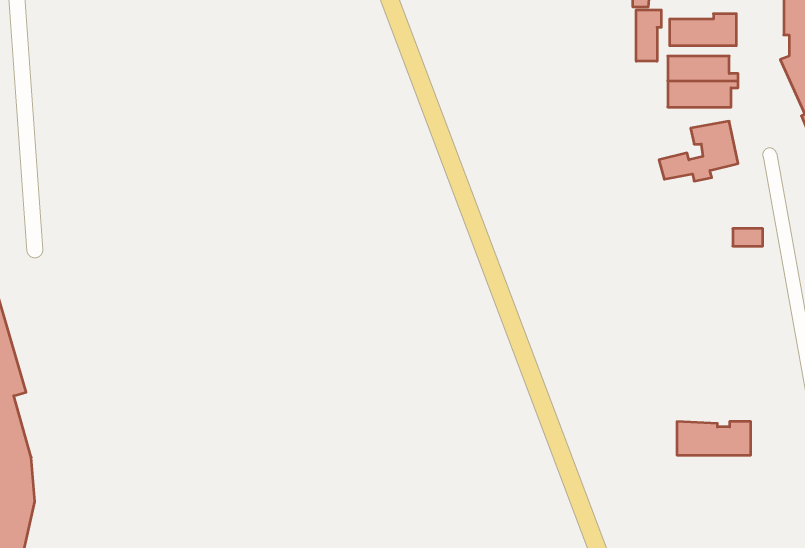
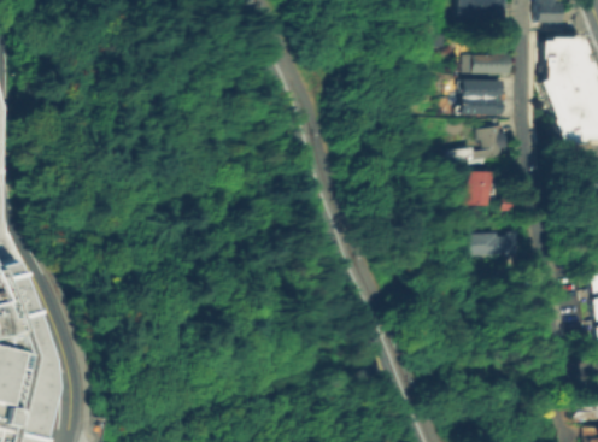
building: [636,10,661,61] -> none
building: none -> [471,170,493,205]
building: [677,422,751,455] -> [471,231,522,254]

